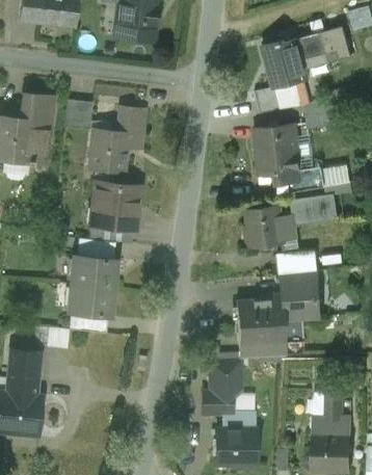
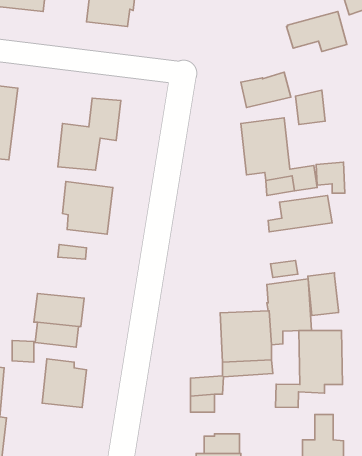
building: [264,39,309,88] -> none
building: [64,98,91,124] -> none
building: [246,206,284,247] -> none
building: [71,254,116,288] -> none
building: none -> [308,273,339,316]
building: none -> [275,331,343,408]
building: none -> [42,359,87,408]
building: [202,392,232,414] -> none

